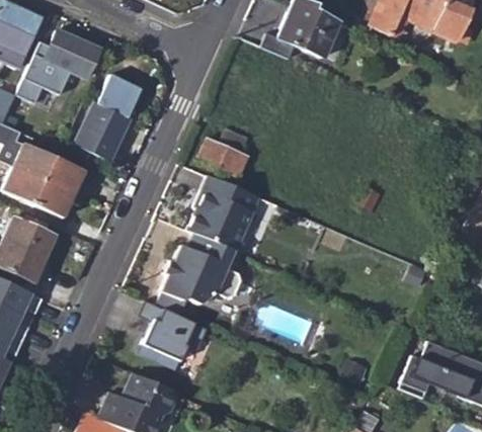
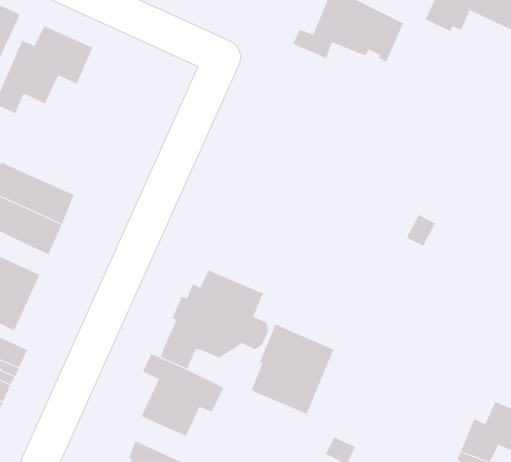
building: [79,74,140,158] -> none
building: [199,127,249,176] -> none
building: [187,174,256,249] -> [251,324,334,415]

